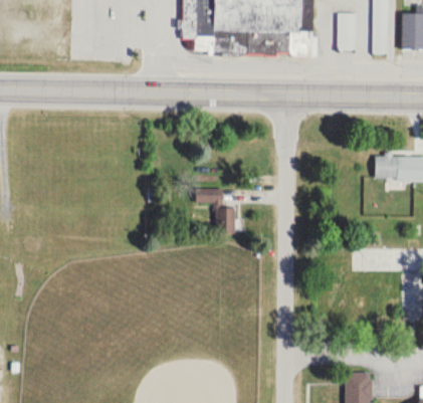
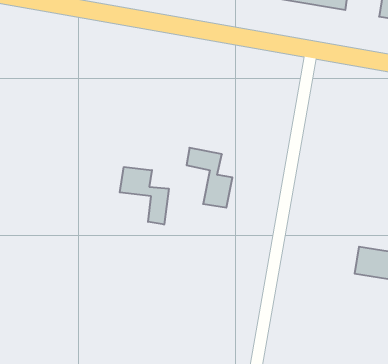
building: none -> [120,167,169,225]

